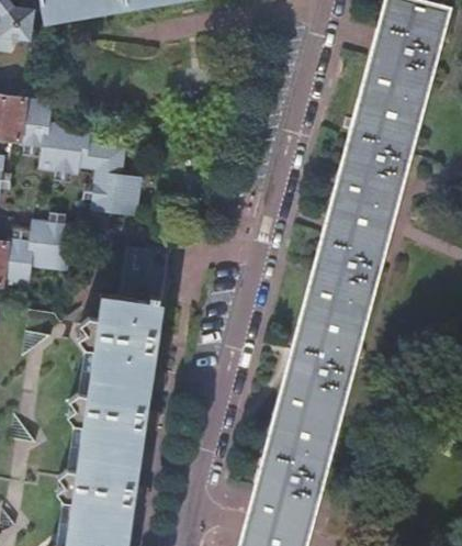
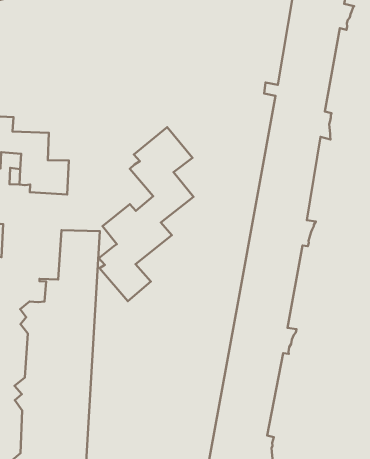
building: none -> [99,127,194,301]

